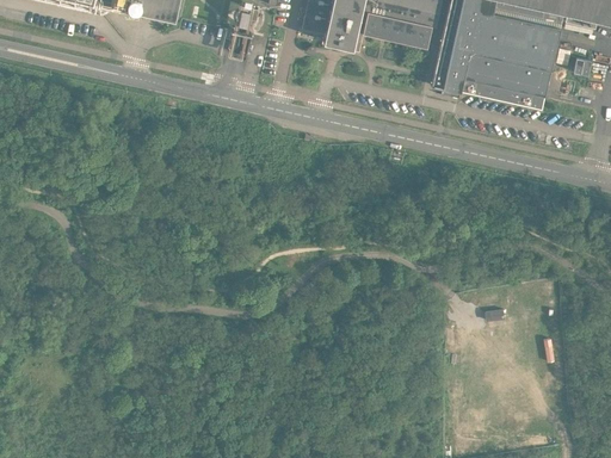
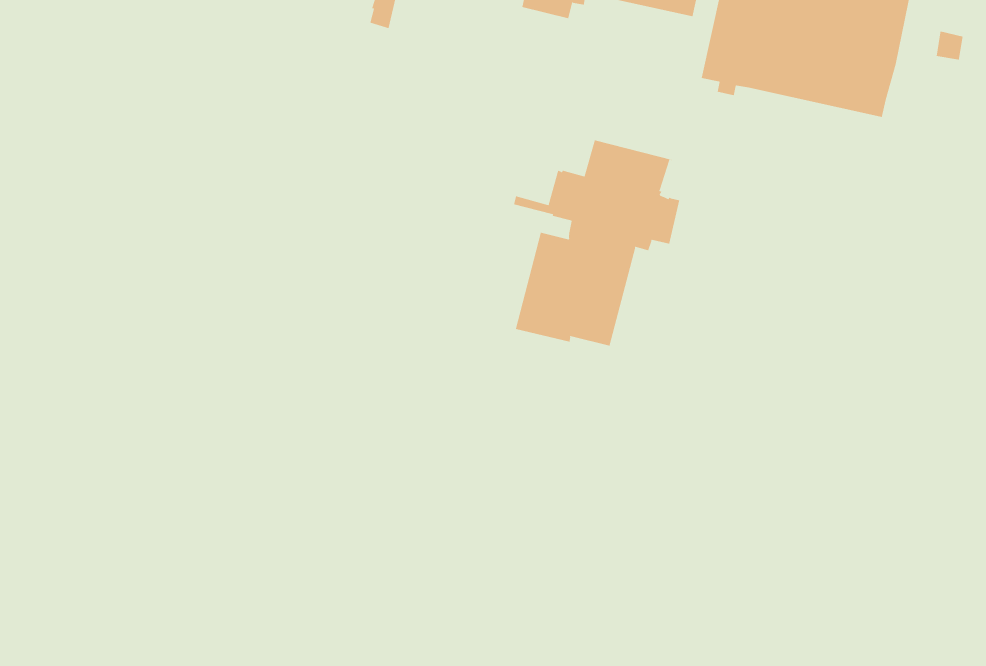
building: none -> [513,139,680,347]

